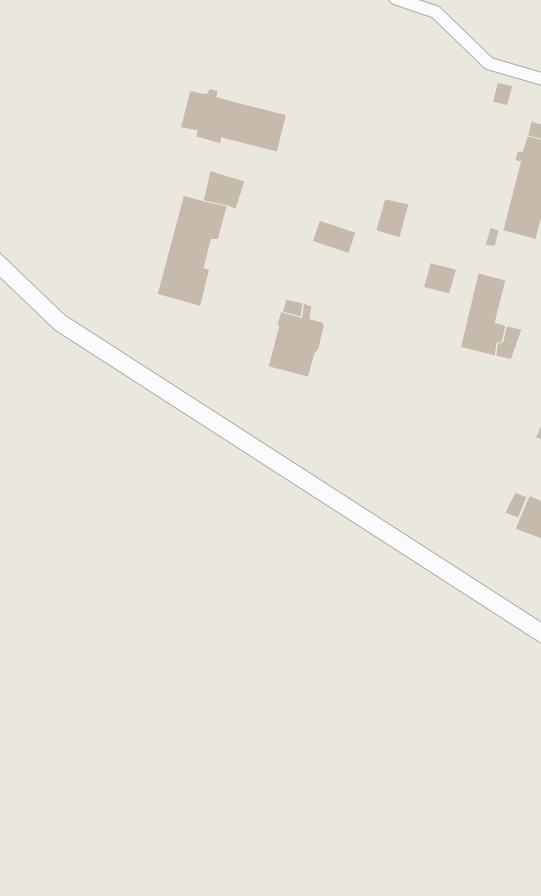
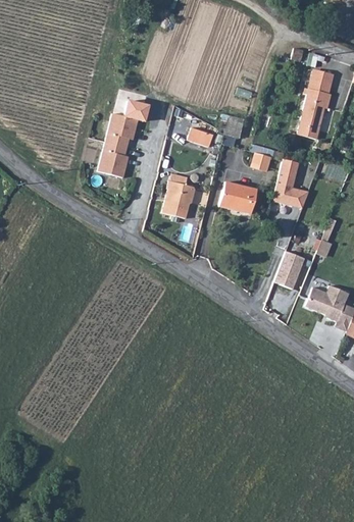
building: [180,88,287,152] -> none
building: none -> [218,181,256,213]
building: none -> [273,251,304,289]

